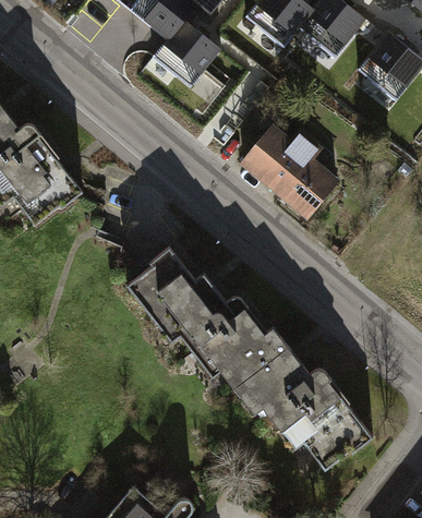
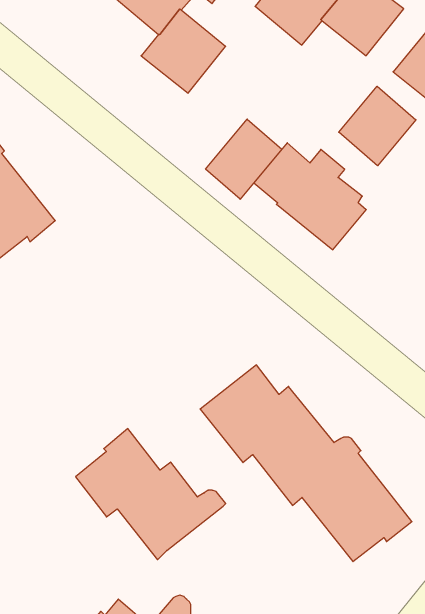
building: none -> [339,86,416,166]
building: none -> [206,119,282,199]
building: [125,246,248,353] -> [76,429,226,560]

